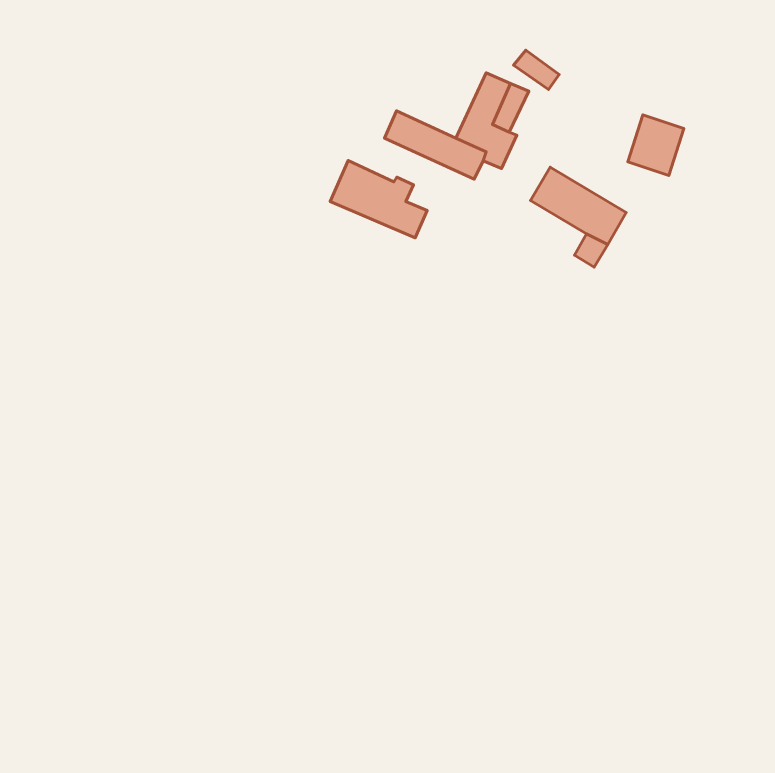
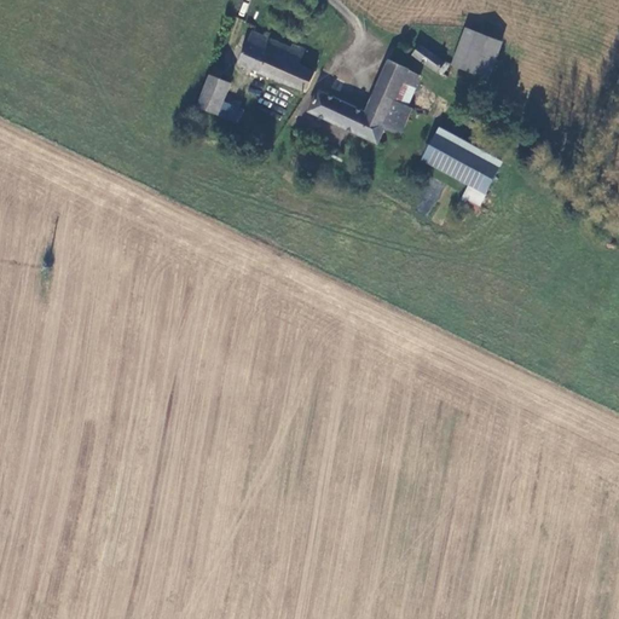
building: none -> [196,68,230,116]
building: [628,115,684,176] -> [456,27,501,75]
building: [330,161,427,238] -> [237,30,314,92]

